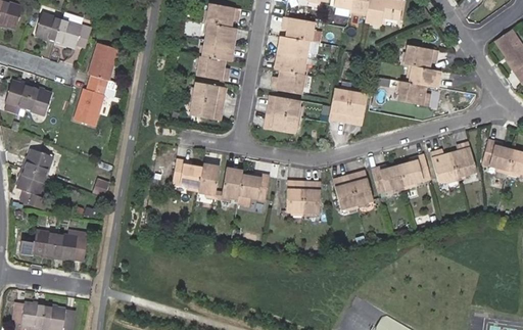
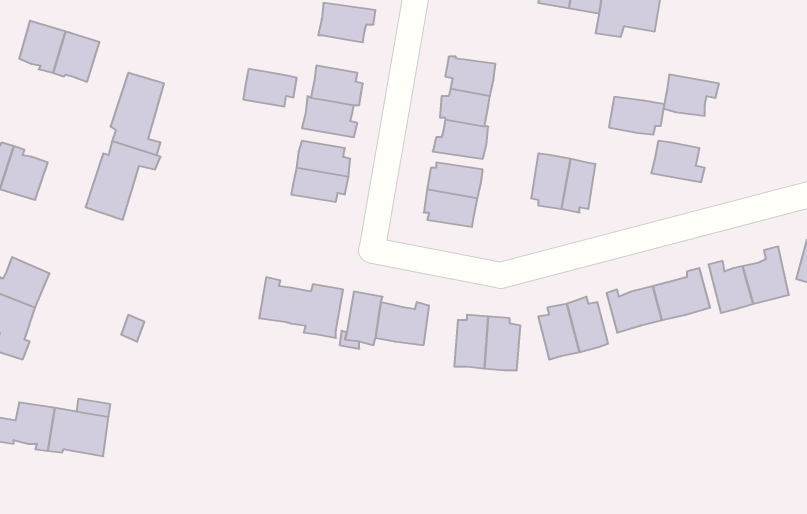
building: [283,15,313,39] -> none
building: [205,22,236,44] -> [243,69,297,107]
building: [408,66,439,88] -> [609,97,664,135]

